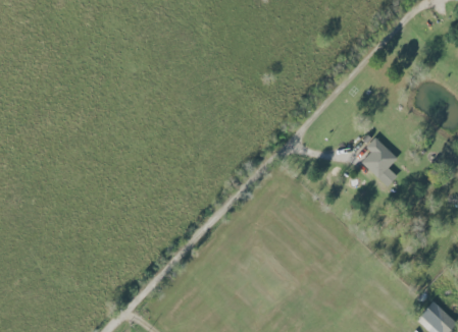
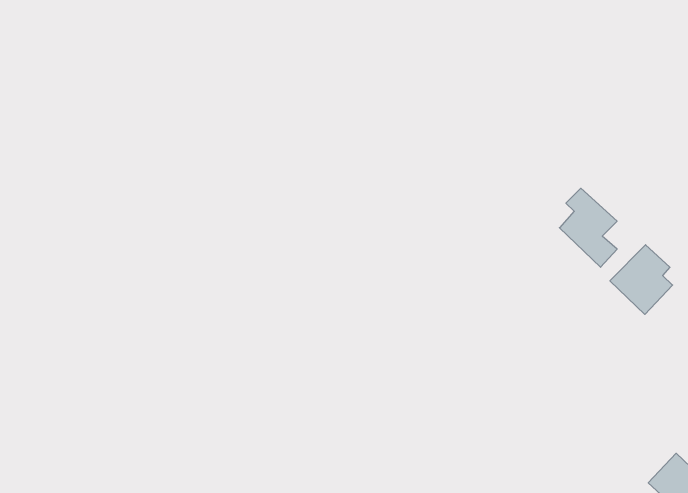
building: none -> [610,245,673,314]

